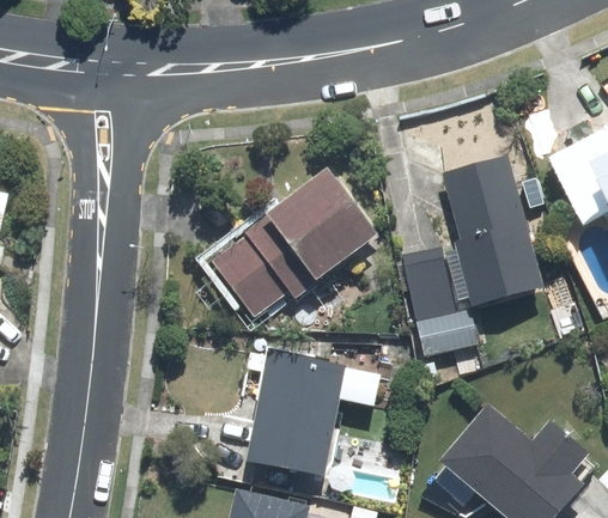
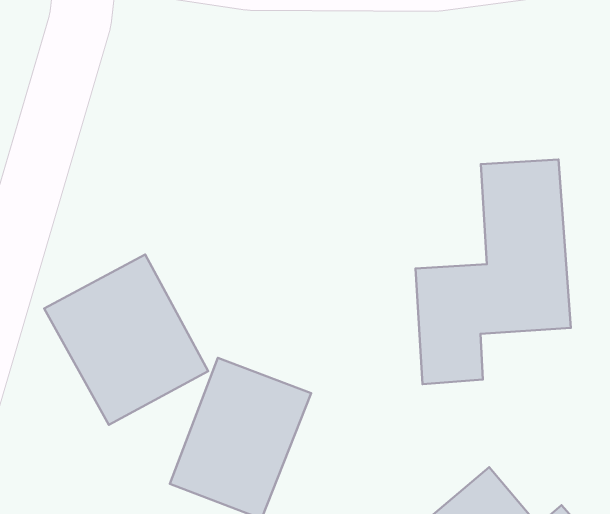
building: [219,178,364,309] -> none
building: none -> [44,254,208,425]

